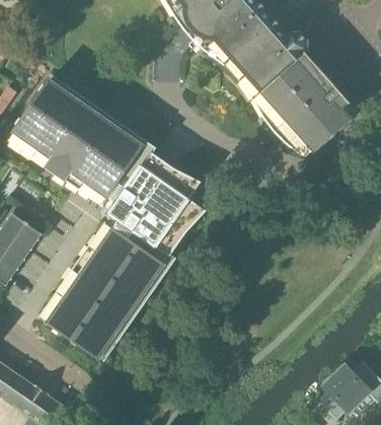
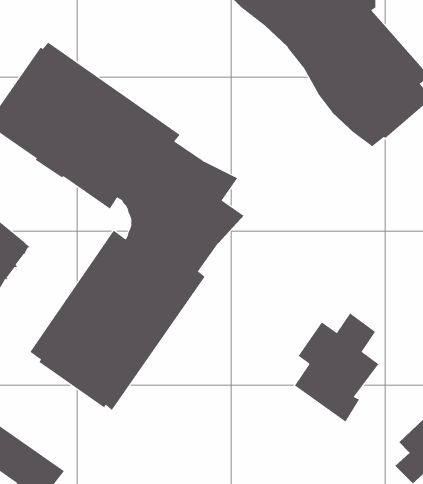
building: none -> [294,312,379,423]

